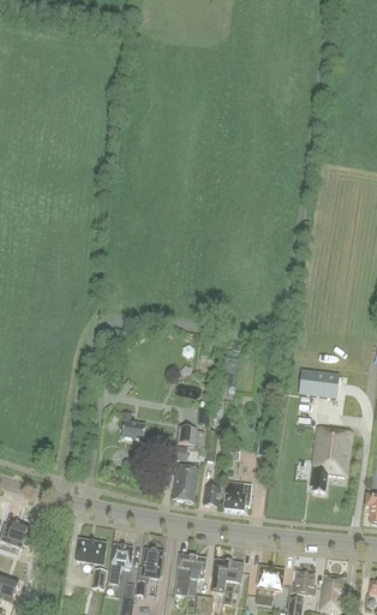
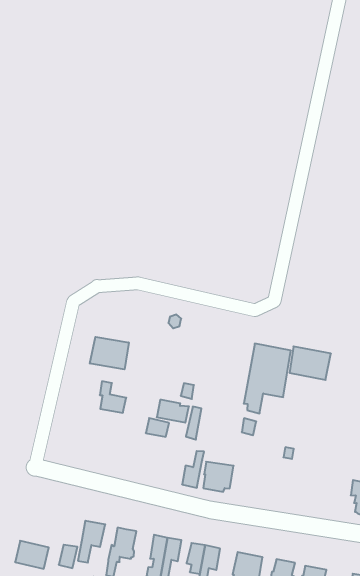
building: none -> [90,337,129,369]
building: [309,426,351,492] -> [244,344,291,413]
building: [172,462,198,502] -> none
building: [74,538,106,563] -> [15,541,49,569]

